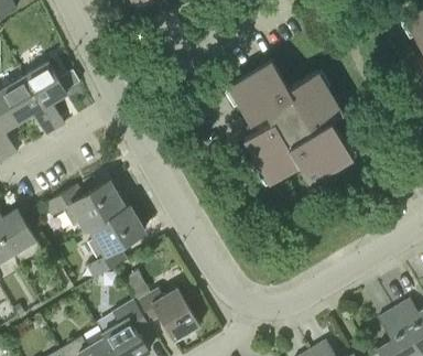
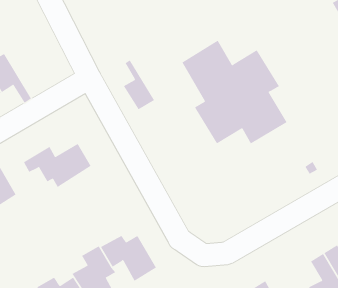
building: [23,62,67,130] -> none
building: none -> [123,59,155,110]
building: [86,206,144,279] -> none

